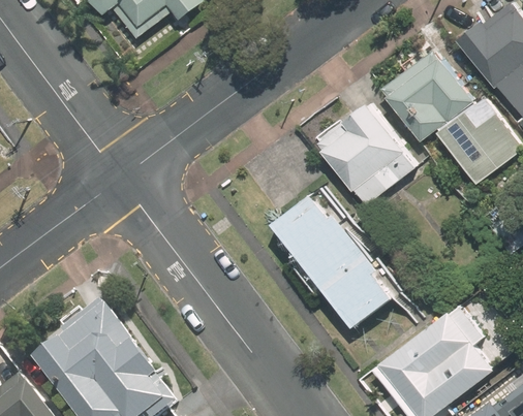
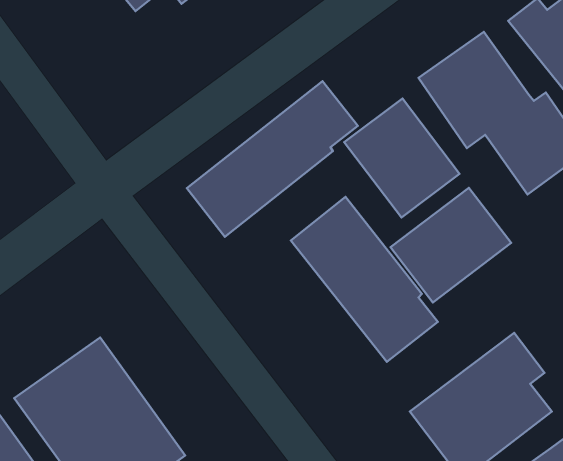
building: none -> [187,81,358,237]
building: none -> [390,188,511,302]

